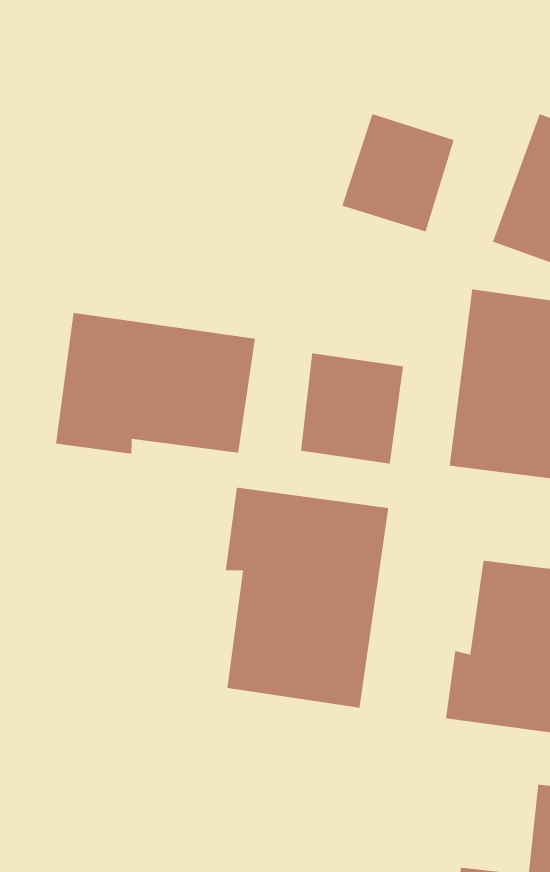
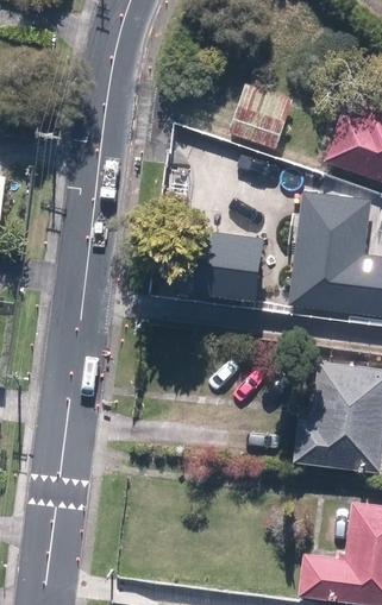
building: [55,312,256,455] -> none
building: [225,487,389,708] -> none

